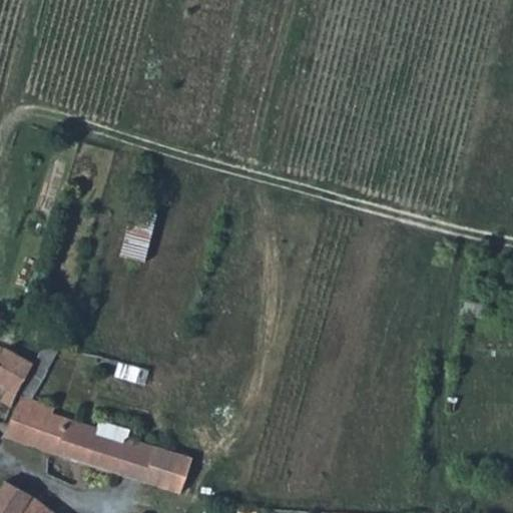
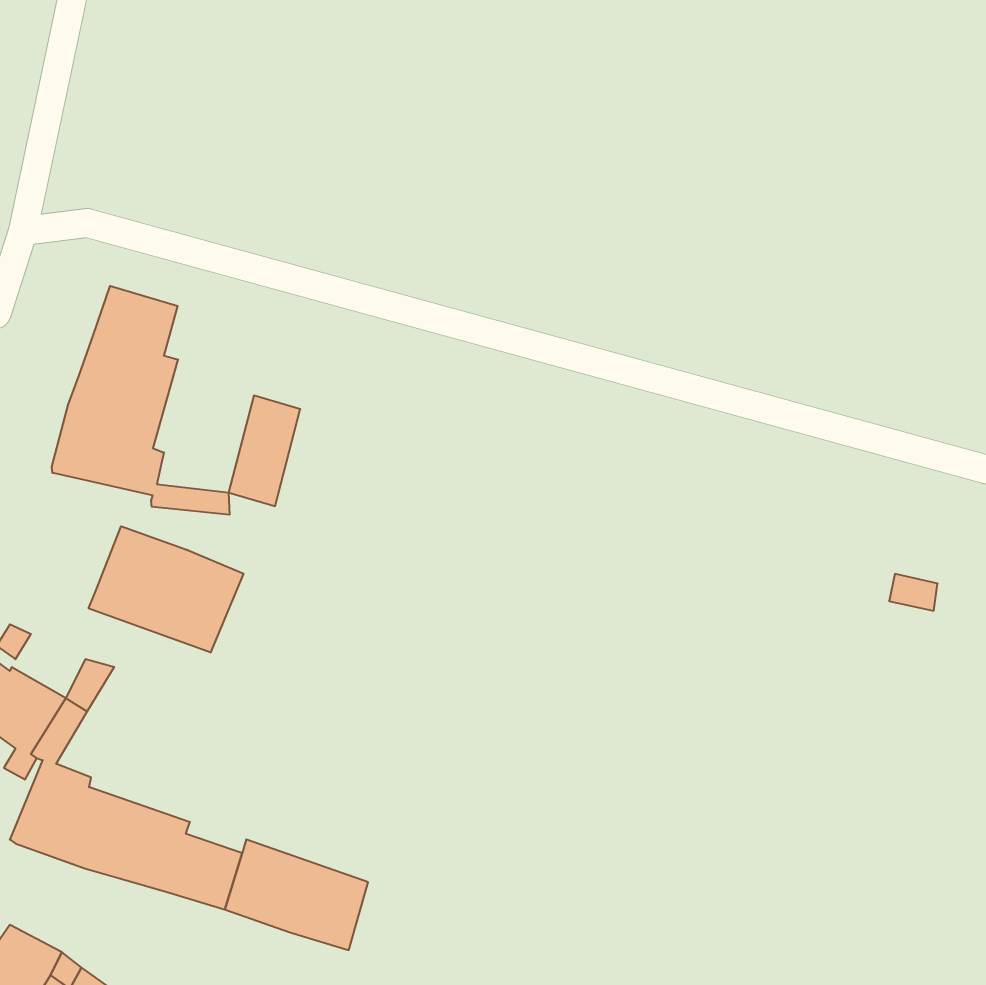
building: none -> [52,286,230,515]
building: none -> [89,526,243,653]

